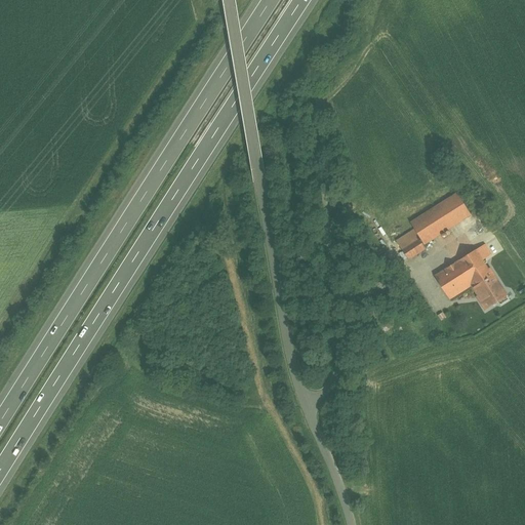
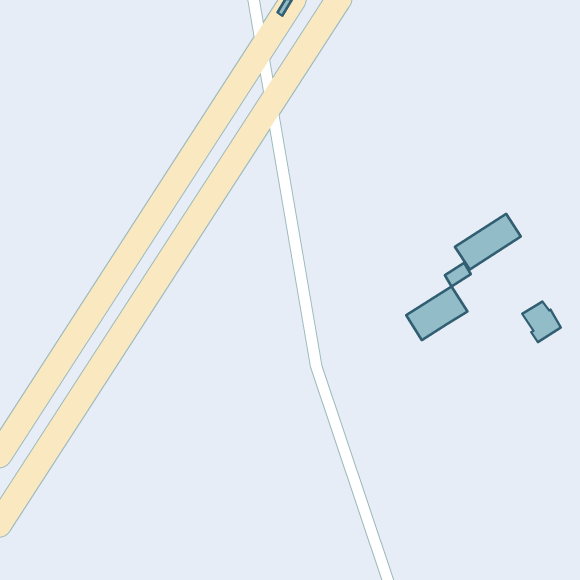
building: [434,249,489,297] -> [406,287,467,340]

